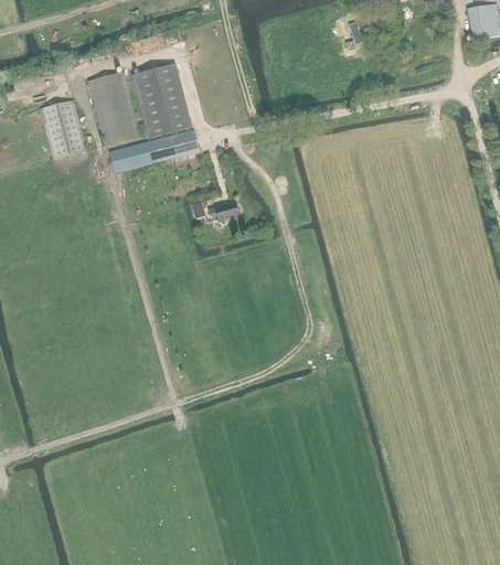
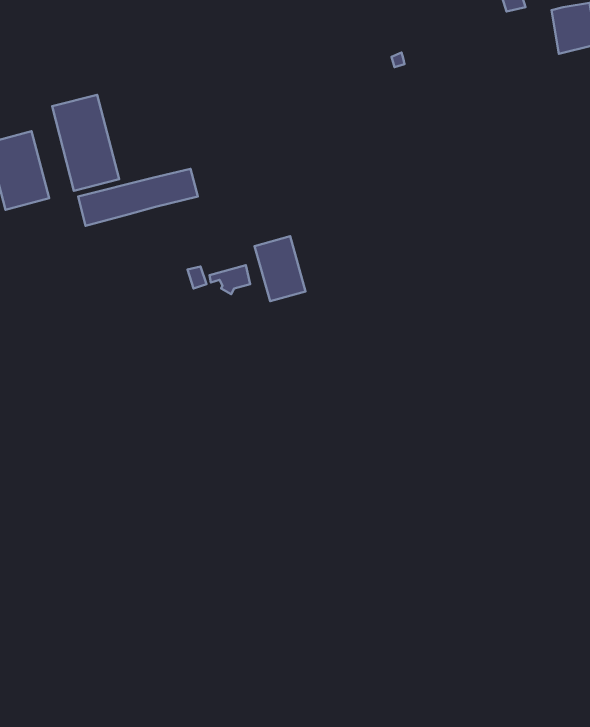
building: [130,63,191,139] -> none
building: none -> [255,236,306,301]

